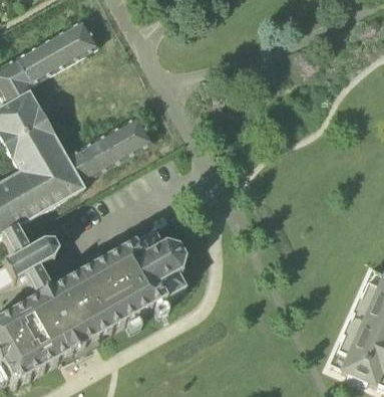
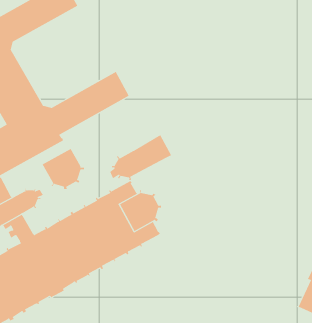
building: none -> [109,135,172,181]
building: none -> [42,148,84,190]

